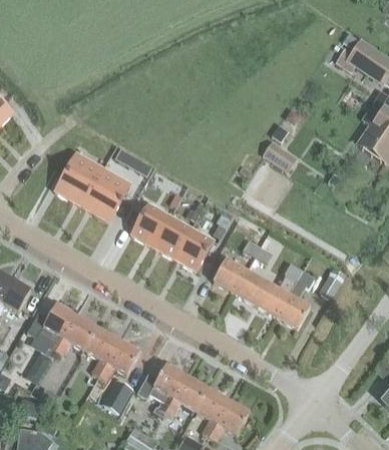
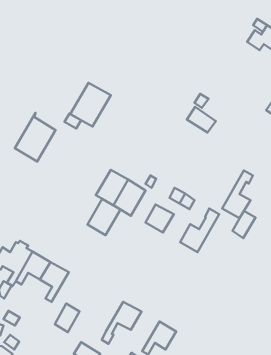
building: [81,167,130,220] -> [70,83,111,126]
building: [130,202,170,247] -> [87,199,121,235]
building: [234,270,267,304] -> none
building: [276,270,313,328] -> [222,170,253,218]
building: [98,340,139,380] -> none
building: [136,362,185,412] -> none
building: [195,388,230,436] -> none

